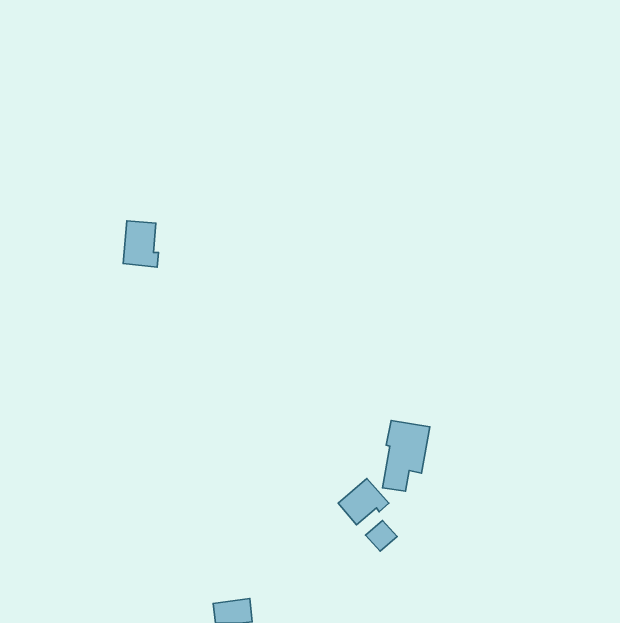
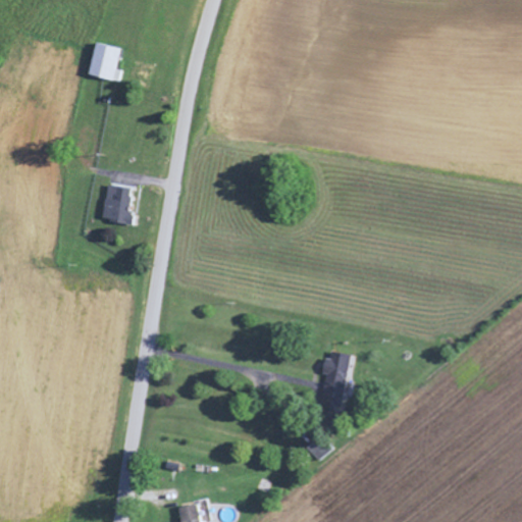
building: none -> [87,42,123,83]
building: [338,479,389,525] -> none

